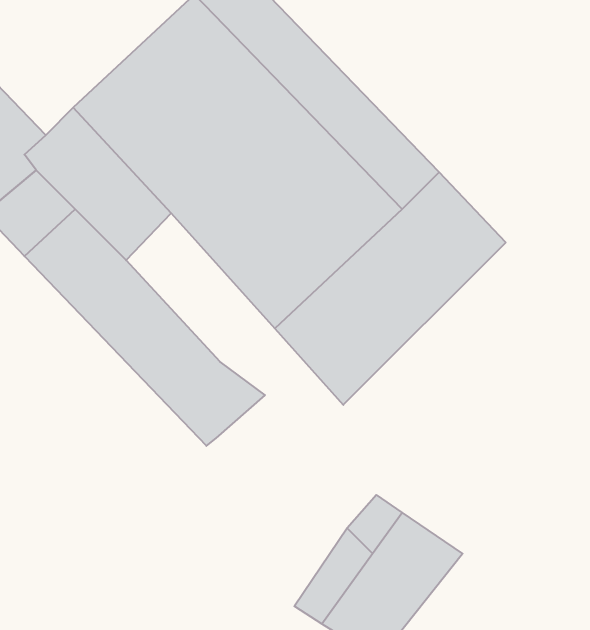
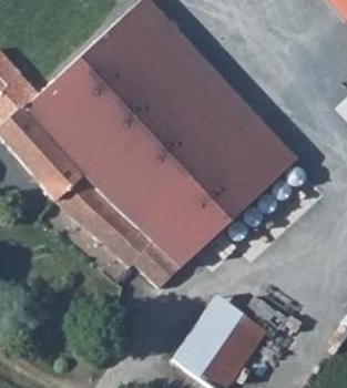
building: none -> [80,139,203,289]

